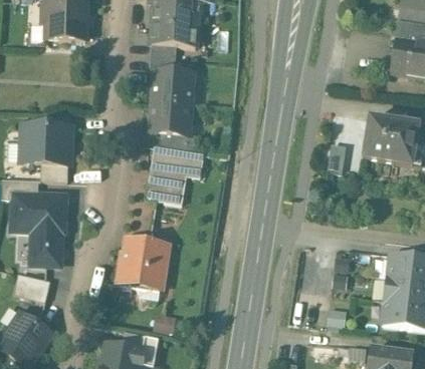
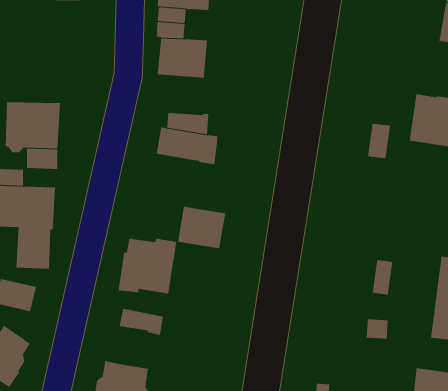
building: [149,100,191,134] -> none
building: [145,167,186,204] -> [177,206,226,249]
building: [121,330,159,353] -> [119,308,164,336]

